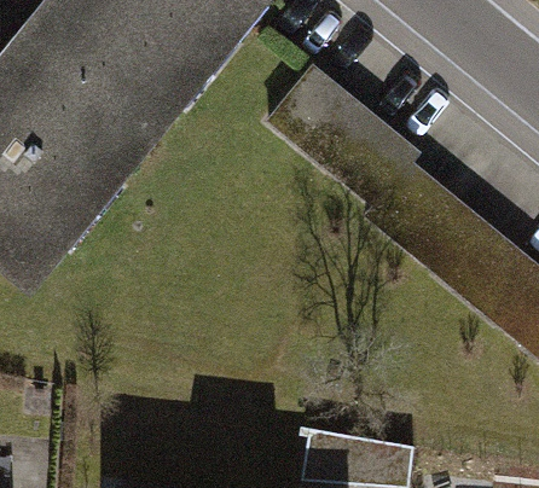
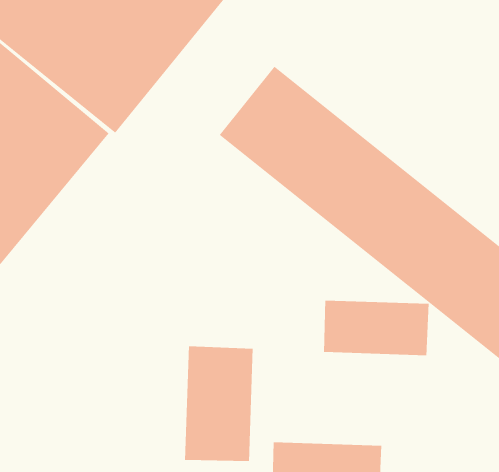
building: none -> [324,300,429,356]
building: none -> [185,345,253,462]

